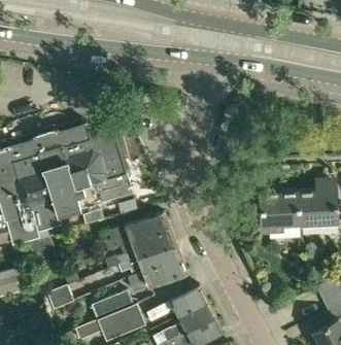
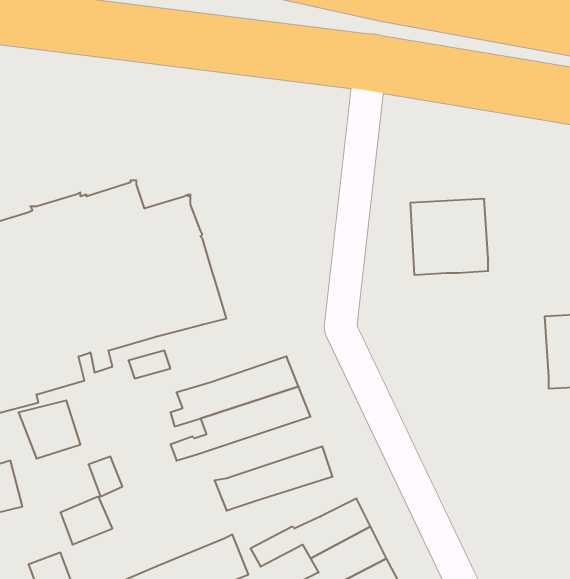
building: [259,193,299,232] -> [410,199,488,275]
building: [117,244,182,276] -> none
building: [90,290,132,321] -> none

